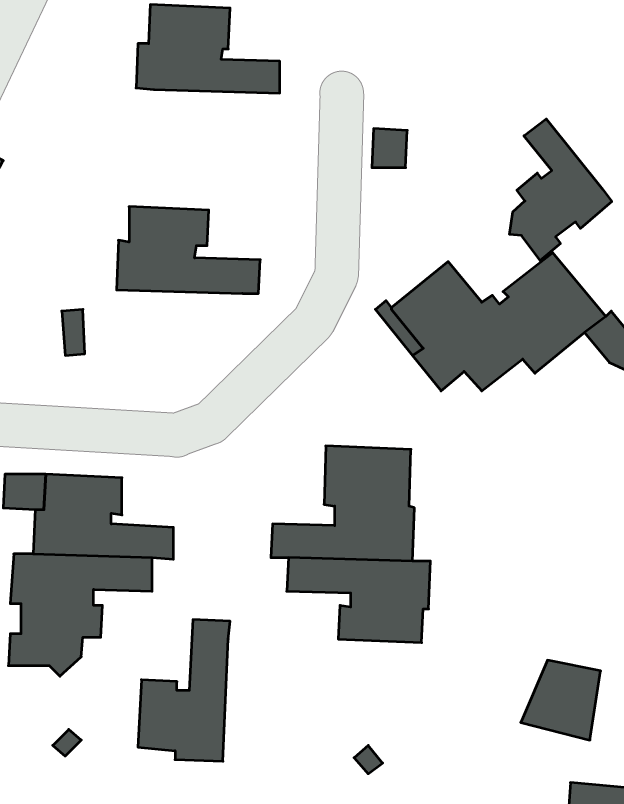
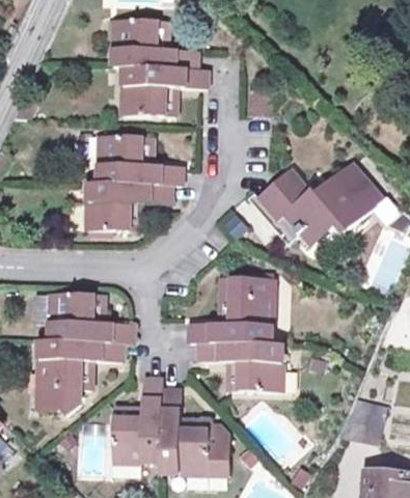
building: none -> [119,66,204,115]
building: [510,119,612,260] -> none
building: none -> [87,183,172,232]
building: none -> [160,388,229,473]

